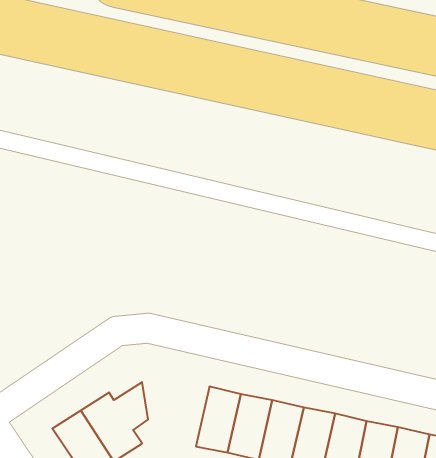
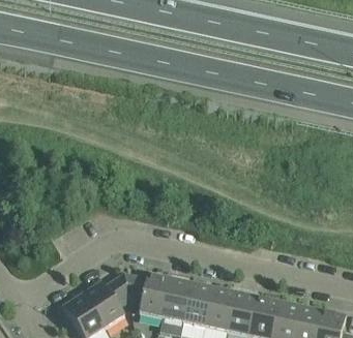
building: none -> [124,272,171,317]

